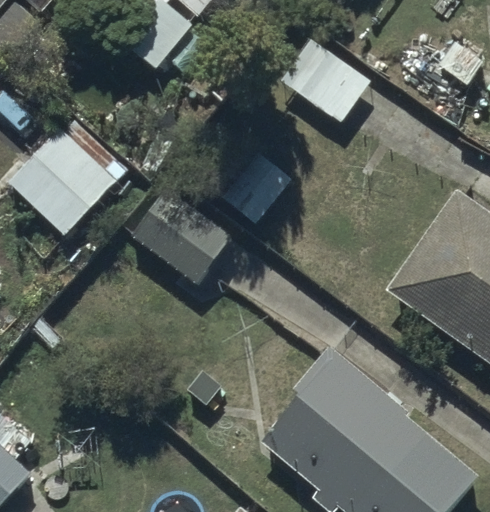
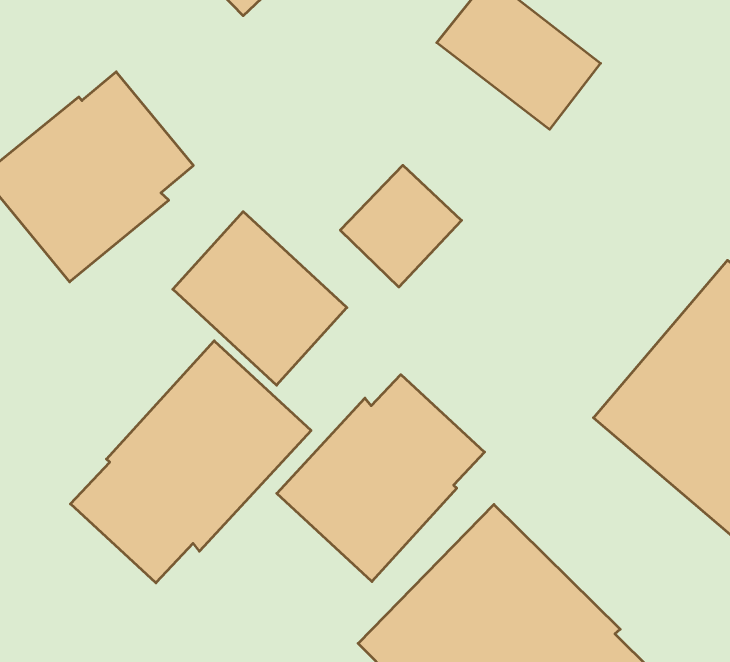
building: none -> [70,341,311,583]
building: none -> [277,375,485,582]

